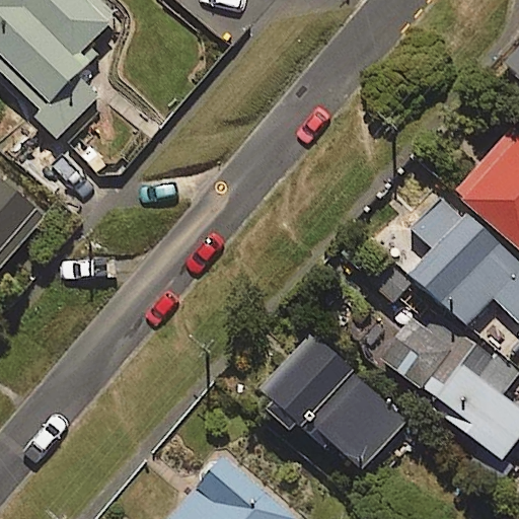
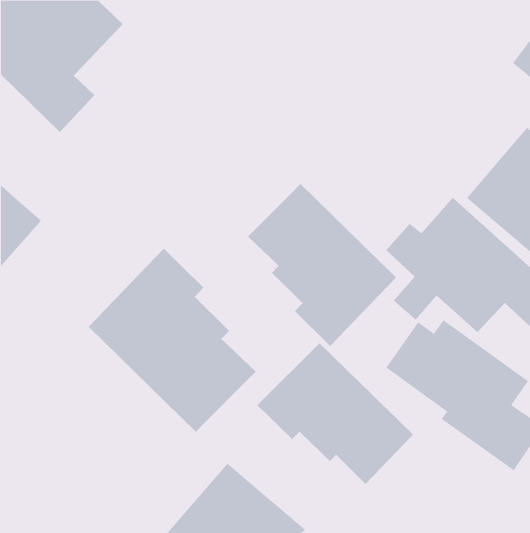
building: none -> [247,183,397,347]
building: none -> [88,248,256,432]

